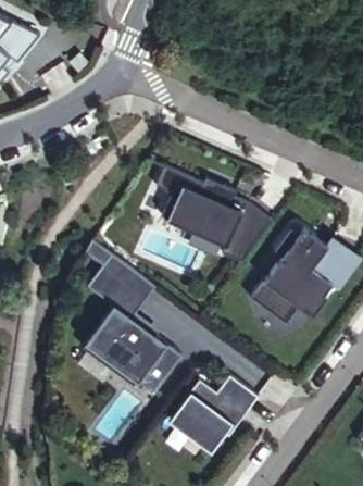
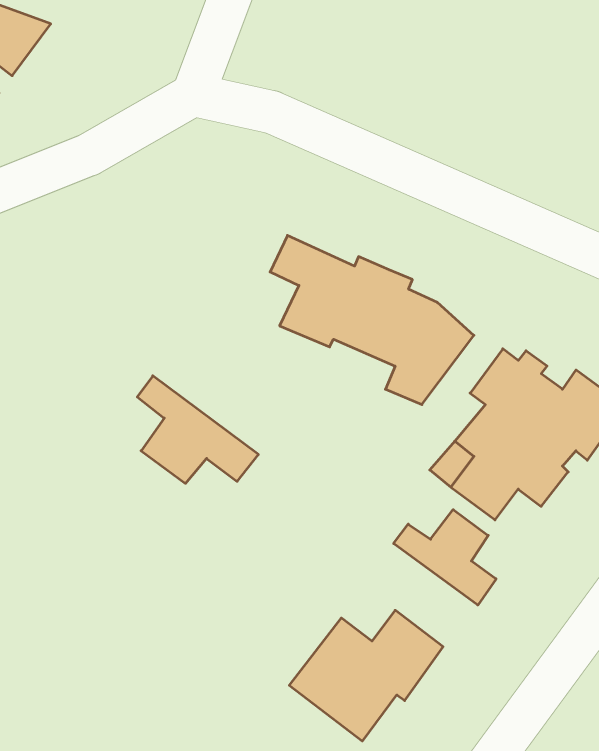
building: [82,304,179,395] -> none
building: none -> [394,510,496,605]

